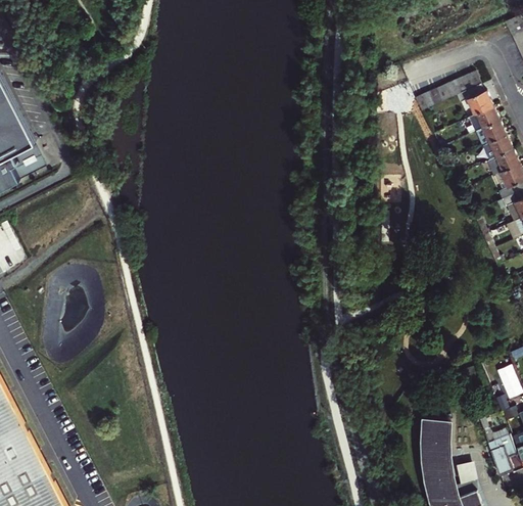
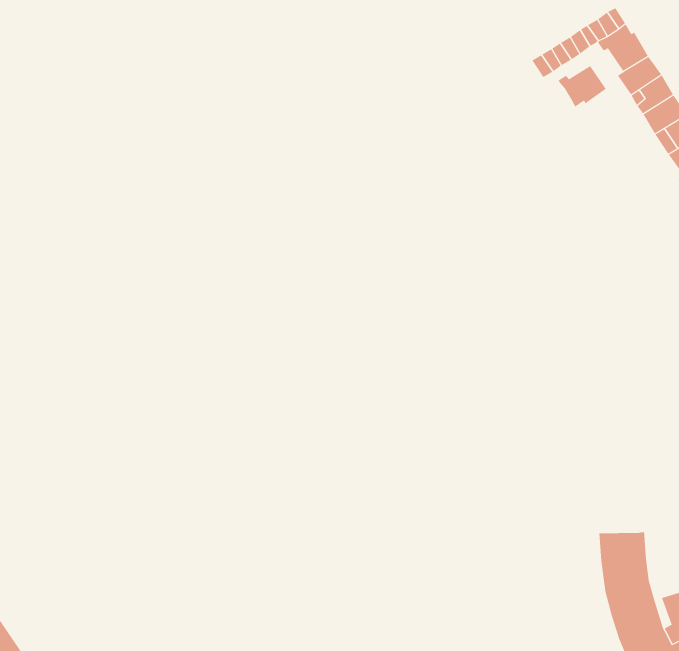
building: none -> [558,65,606,108]

